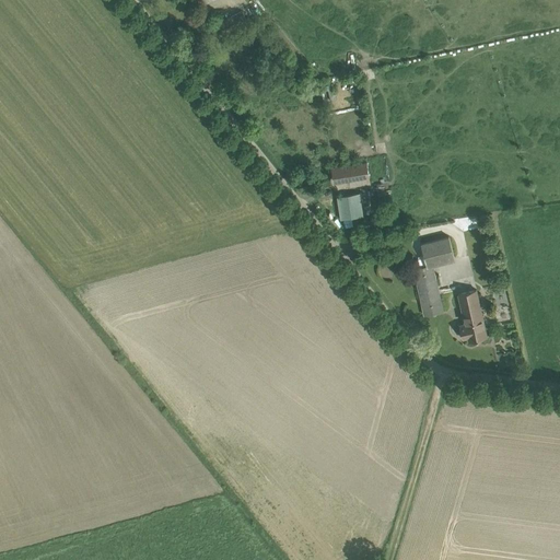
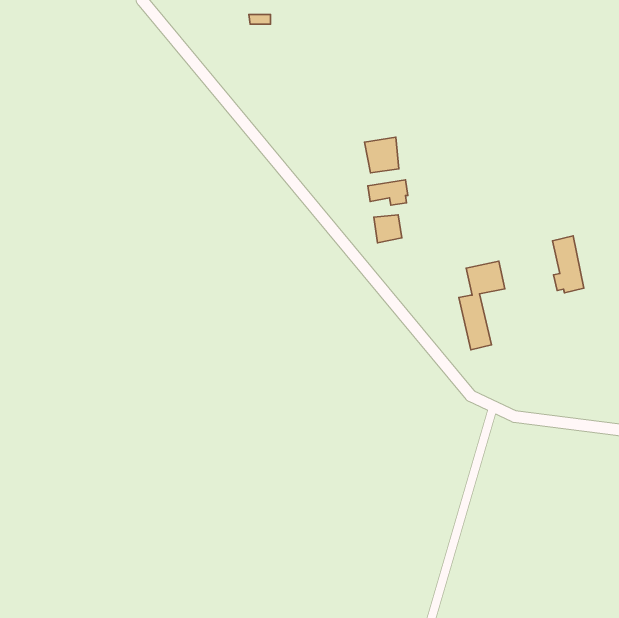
building: none -> [365,137,399,173]
building: [457,291,486,342] -> [552,236,584,293]

